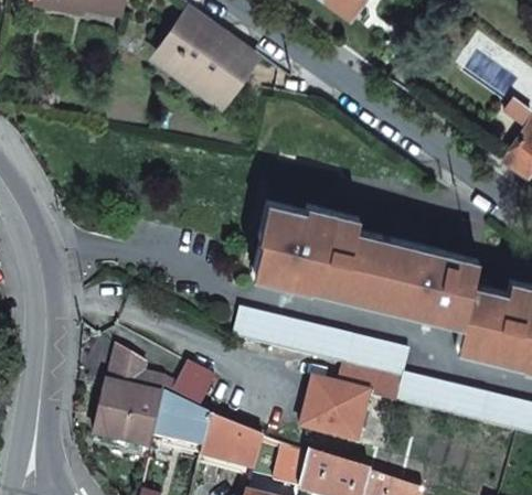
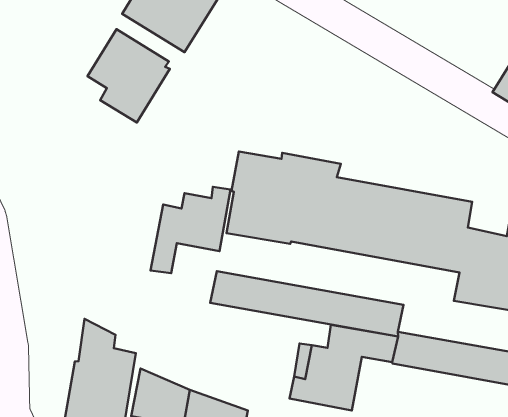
building: none -> [88,29,170,123]
building: none -> [151,187,231,273]
building: [174,364,215,407] -> none

